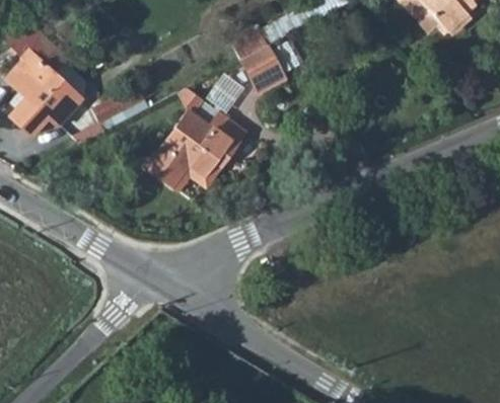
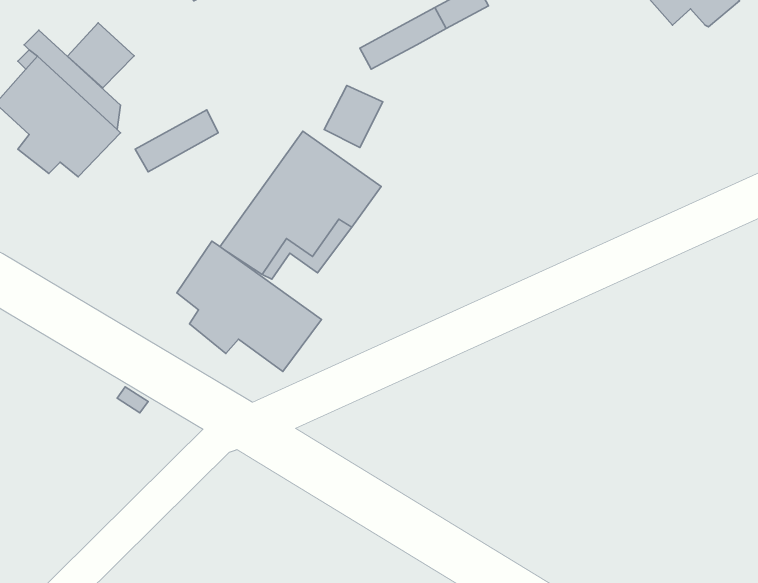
building: none -> [67,23,134,88]
building: [239,45,285,93] -> none
building: none -> [177,241,321,372]

